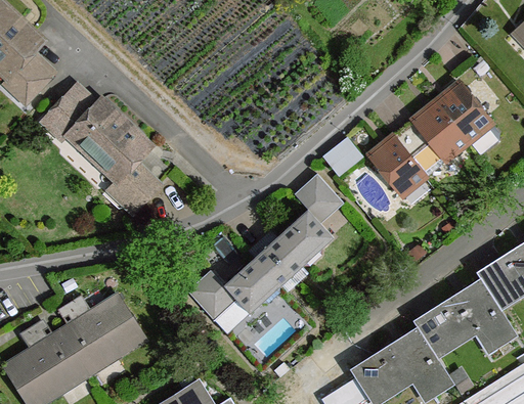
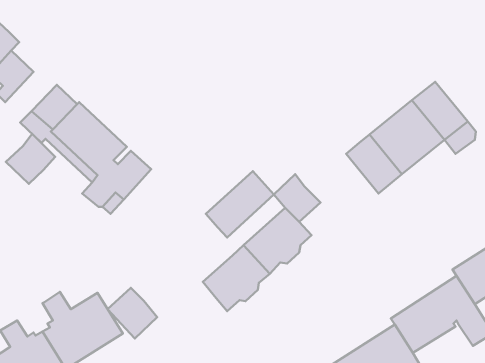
building: [325,133,365,172] -> none
building: none -> [6,134,55,184]
building: none -> [206,171,274,237]
building: [187,271,237,322] -> [107,288,157,338]

